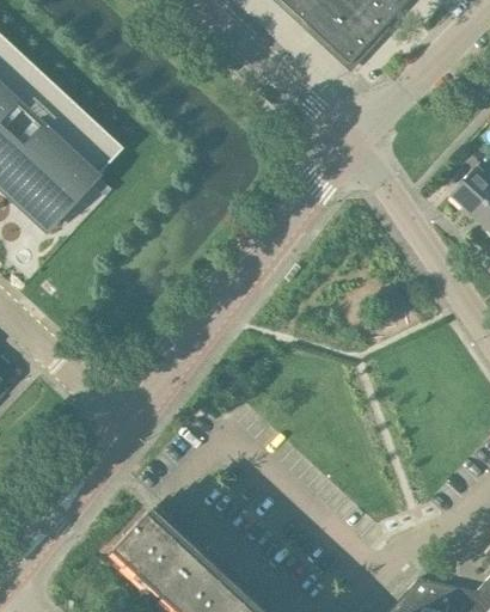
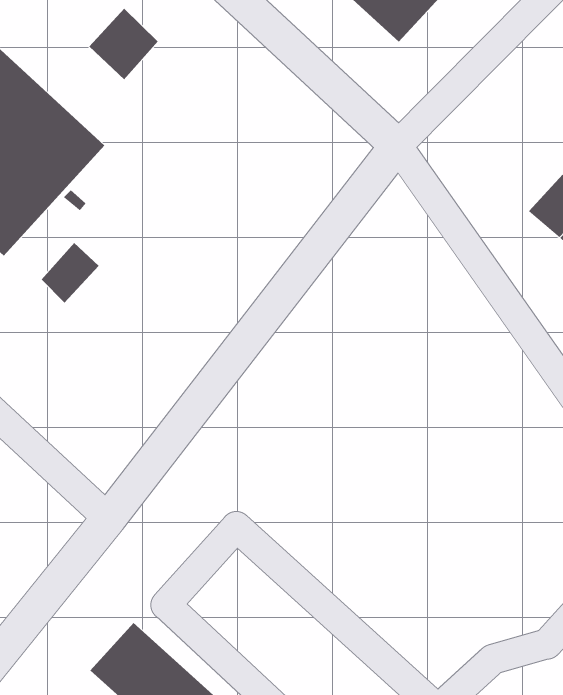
building: none -> [88,8,158,80]
building: none -> [41,242,99,304]

